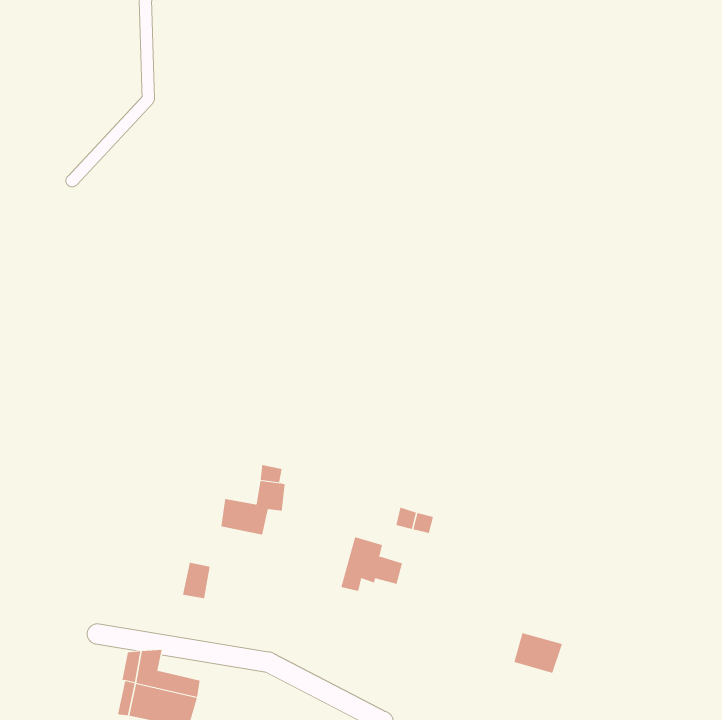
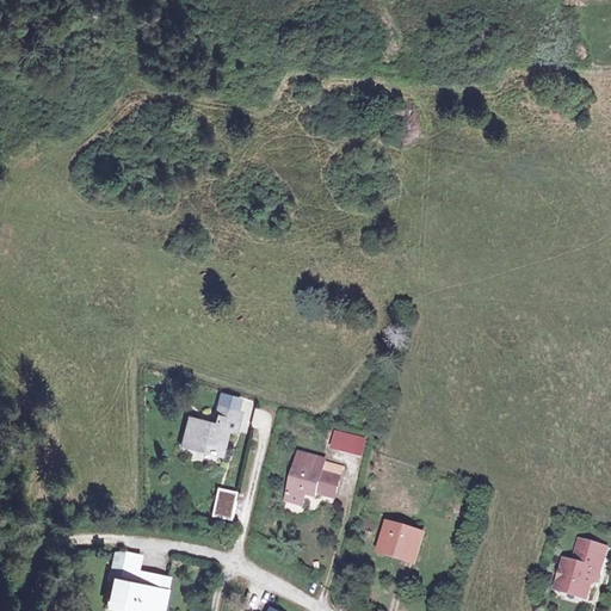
building: [182,562,210,599] -> [211,488,235,519]
building: [513,633,563,673] -> [383,525,425,560]
building: none -> [554,538,603,595]

